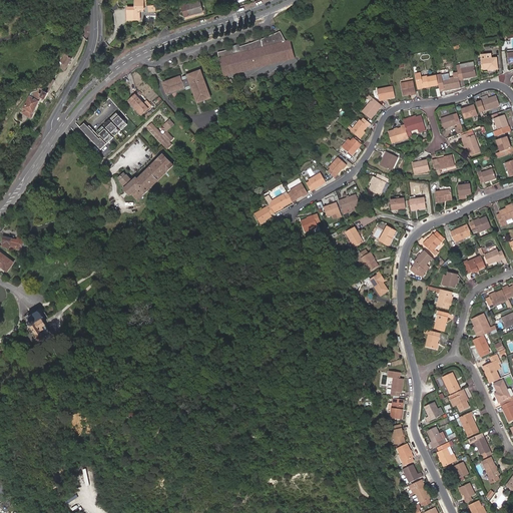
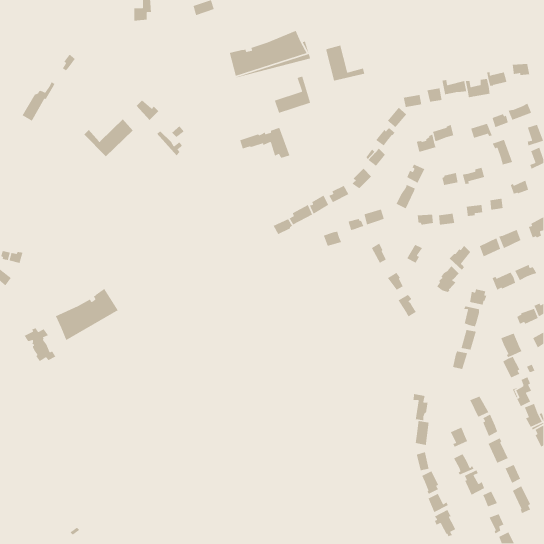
building: none -> [325,44,365,82]
building: [160,69,208,99] -> [239,127,290,159]
building: none -> [274,76,311,114]
building: [117,152,171,197] -> none
building: none -> [55,288,119,341]

